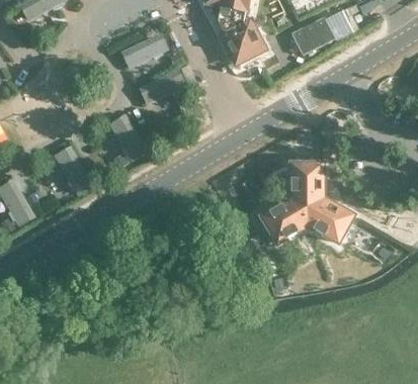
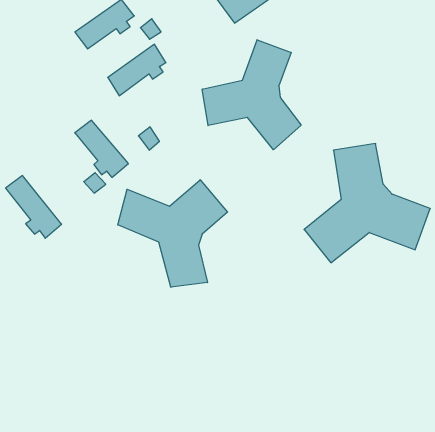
building: none -> [202,40,301,150]
building: none -> [118,180,228,287]

